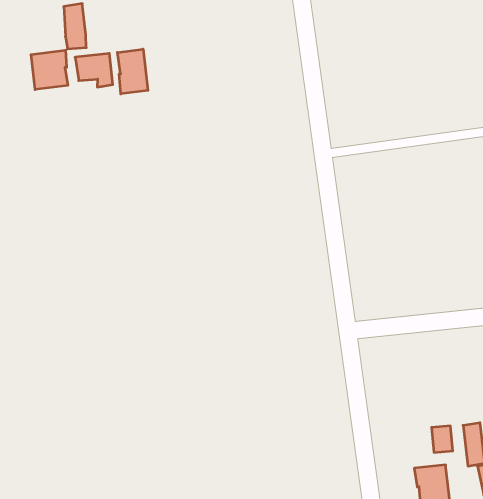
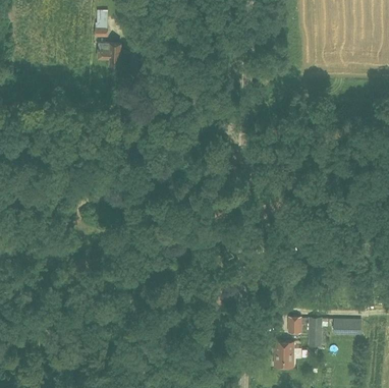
building: [117,49,148,94] -> none
building: [31,50,68,90] -> none

